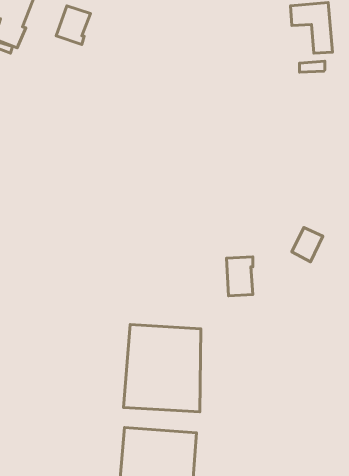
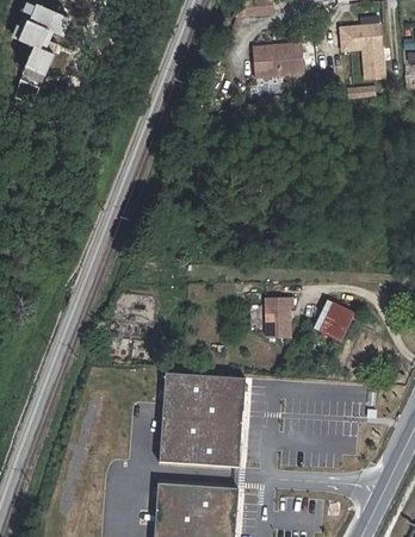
building: [56,6,90,45] -> none
building: none -> [252,44,301,76]
building: [292,227,323,262] -> [320,305,353,342]

